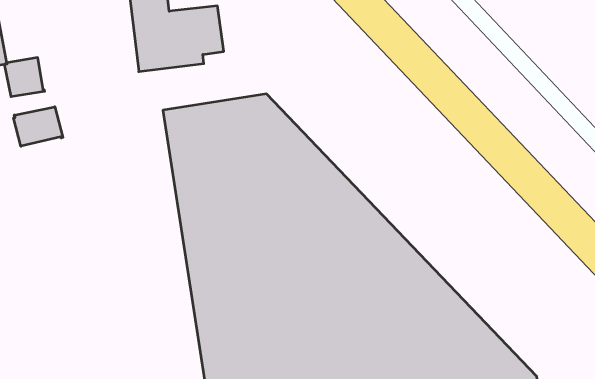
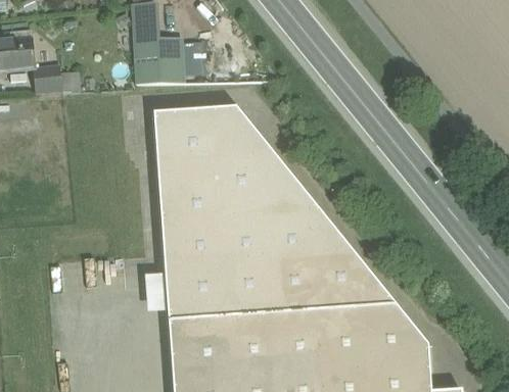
building: [14,107,63,146] -> none

